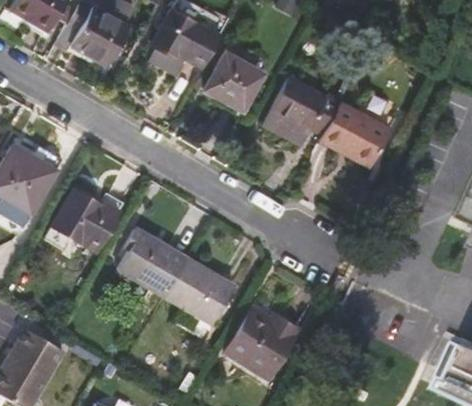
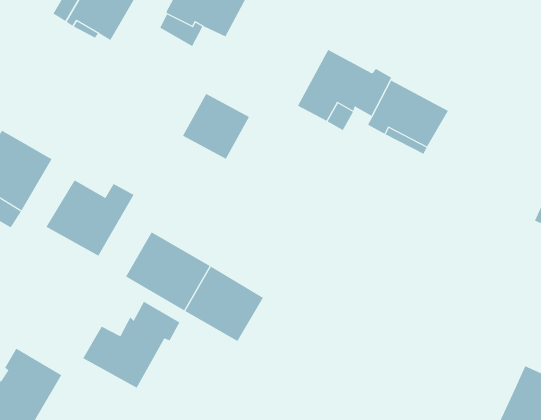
building: [205,53,262,109] -> [182,93,250,159]
building: none -> [83,301,180,389]
building: [225,307,297,377] -> none

